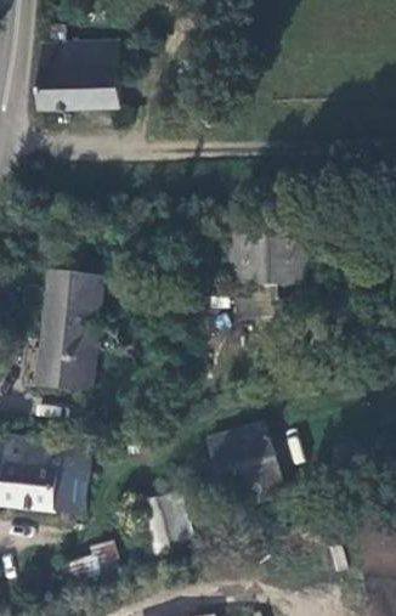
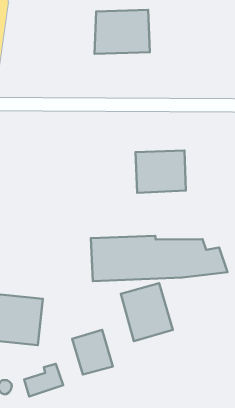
building: [36,41,119,107] -> [95,10,150,54]
building: [38,272,103,391] -> none
building: none -> [91,236,227,281]

